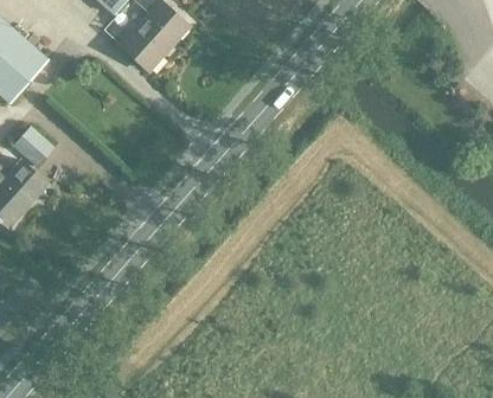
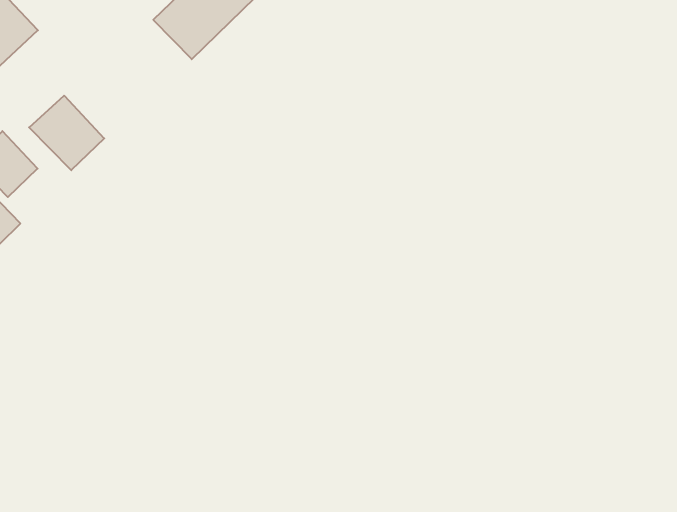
building: none -> [29,96,104,170]

